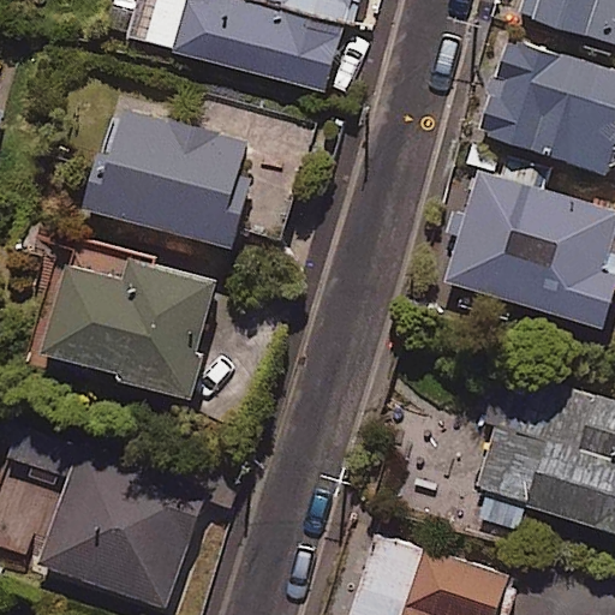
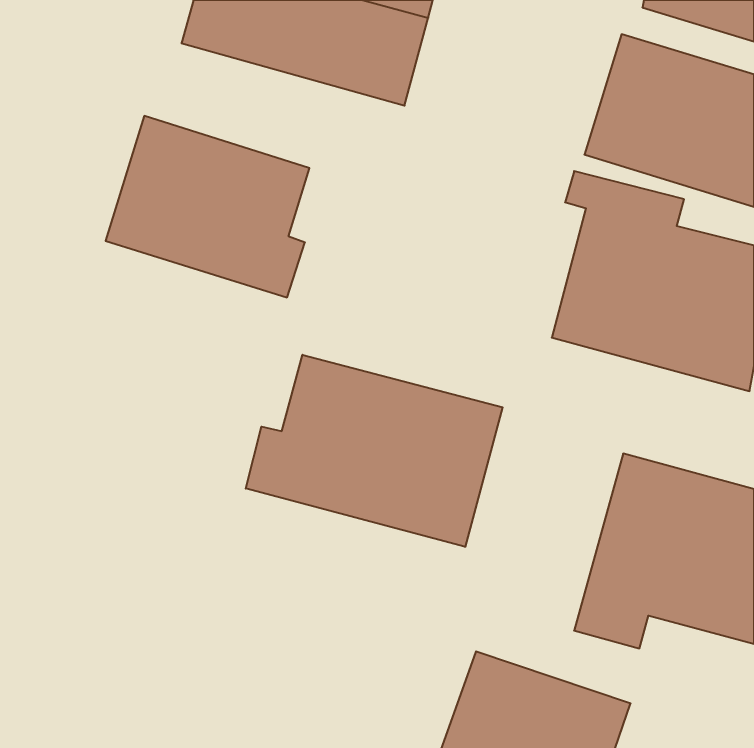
building: [47,256,221,395] -> none
building: none -> [246,355,503,547]
building: [8,438,204,608] -> none

